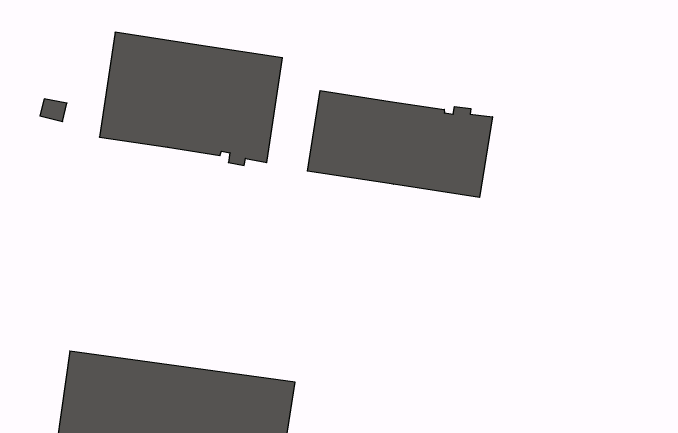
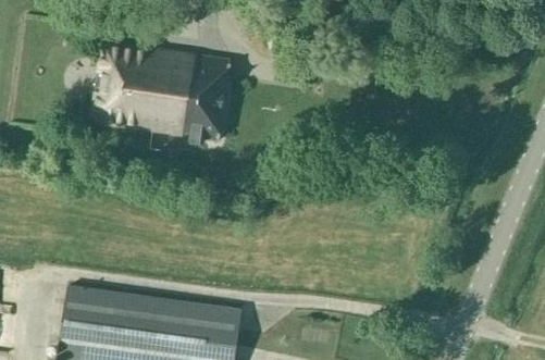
building: [307,91,492,197] -> none

